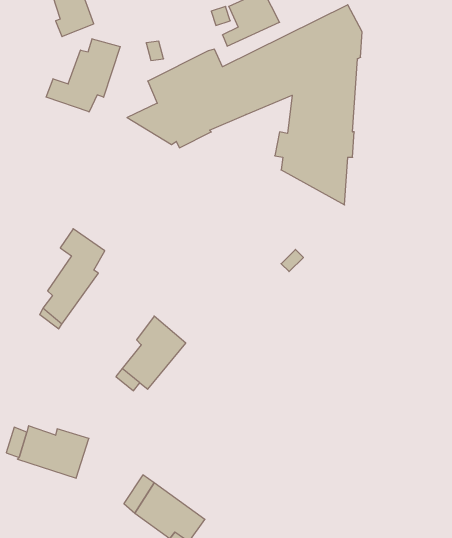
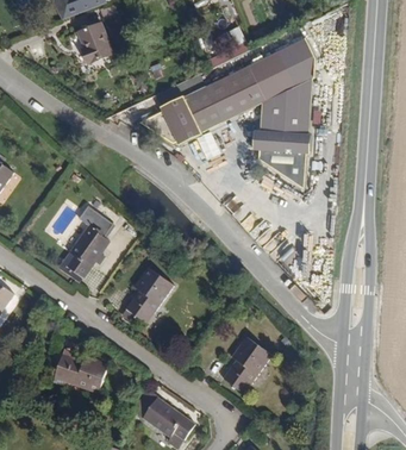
building: [46,39,120,112] -> none
building: none -> [229,339,277,396]

